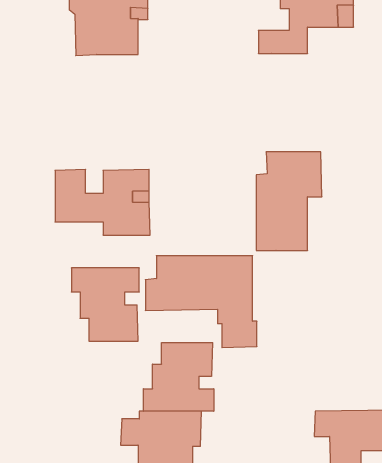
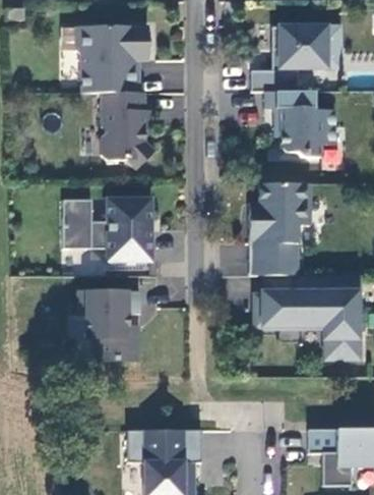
building: none -> [264,93,336,158]
building: none -> [102,94,154,170]
building: [145,256,257,348] -> [258,276,362,362]
building: [143,343,214,411] -> none

